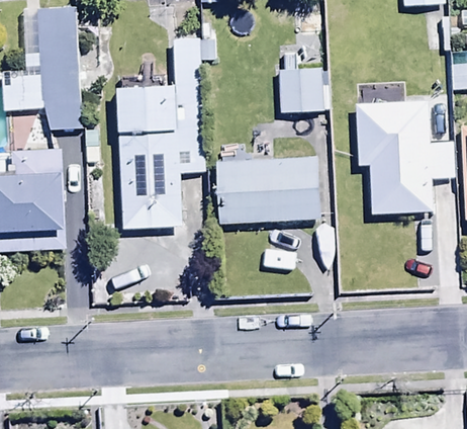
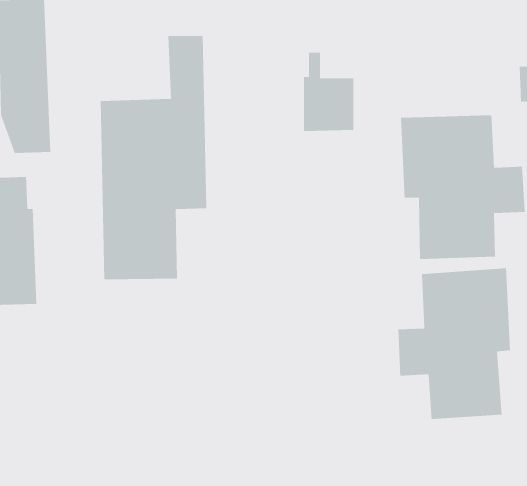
building: [218,157,321,225] -> none
building: none -> [398,268,511,420]

